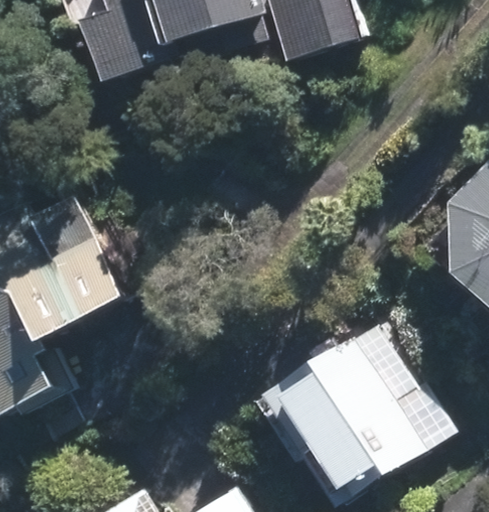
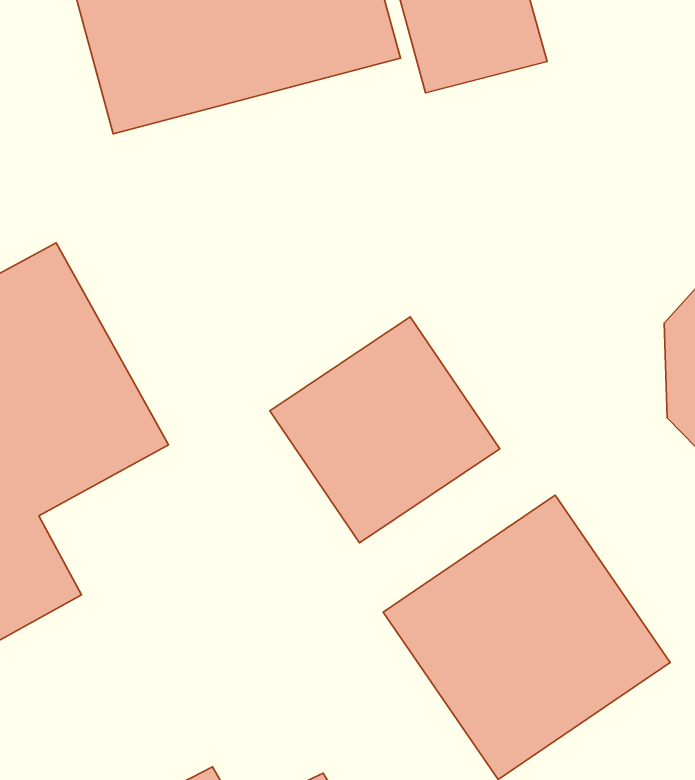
building: none -> [270,317,500,543]

